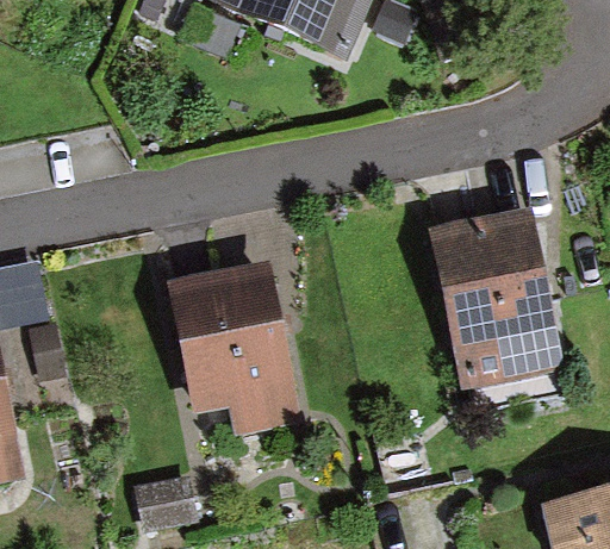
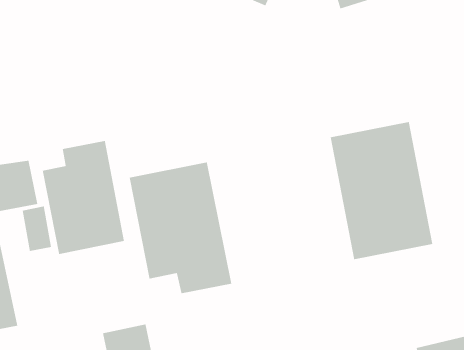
building: none -> [42,140,125,255]

